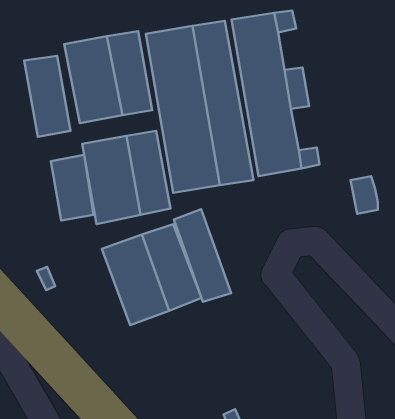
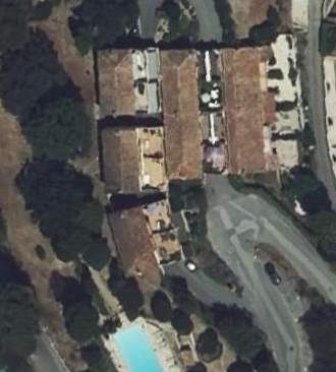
building: [24,56,71,137] -> none
building: [51,155,94,221] -> none
building: [174,209,231,302] -> none

